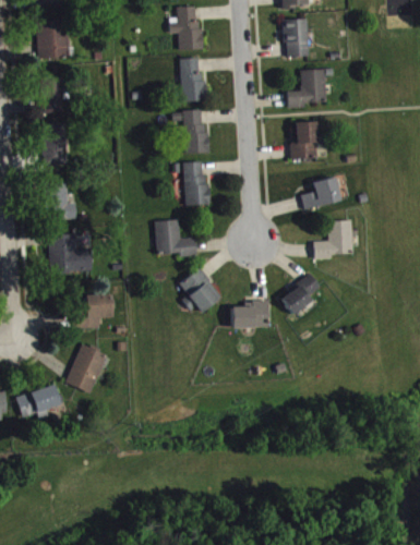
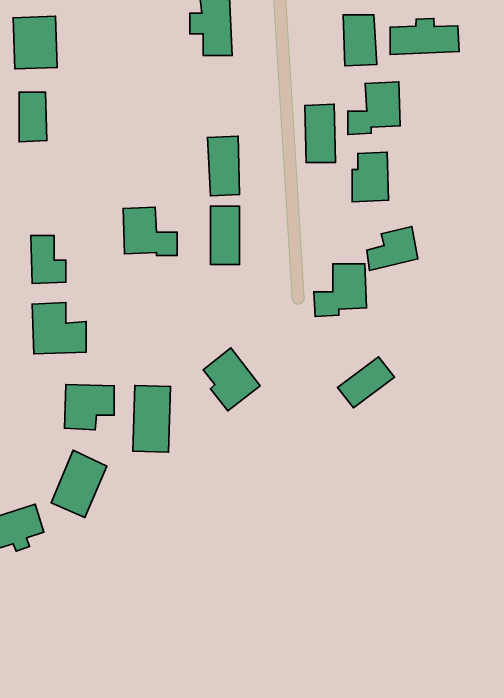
building: none -> [390,19,459,55]
building: [180,58,203,101] -> [305,104,336,163]
building: [43,123,68,165] -> none
building: [155,219,195,255] -> [123,207,177,255]
building: [313,220,352,259] -> [314,264,366,317]
building: none -> [133,386,170,452]
building: [231,300,267,328] -> none

